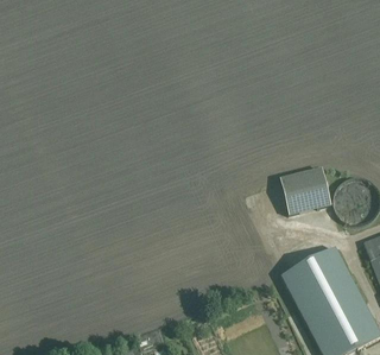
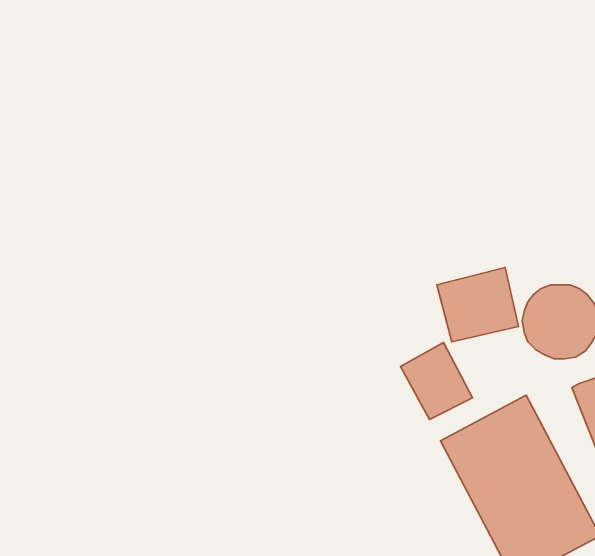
building: none -> [400,342,473,419]

